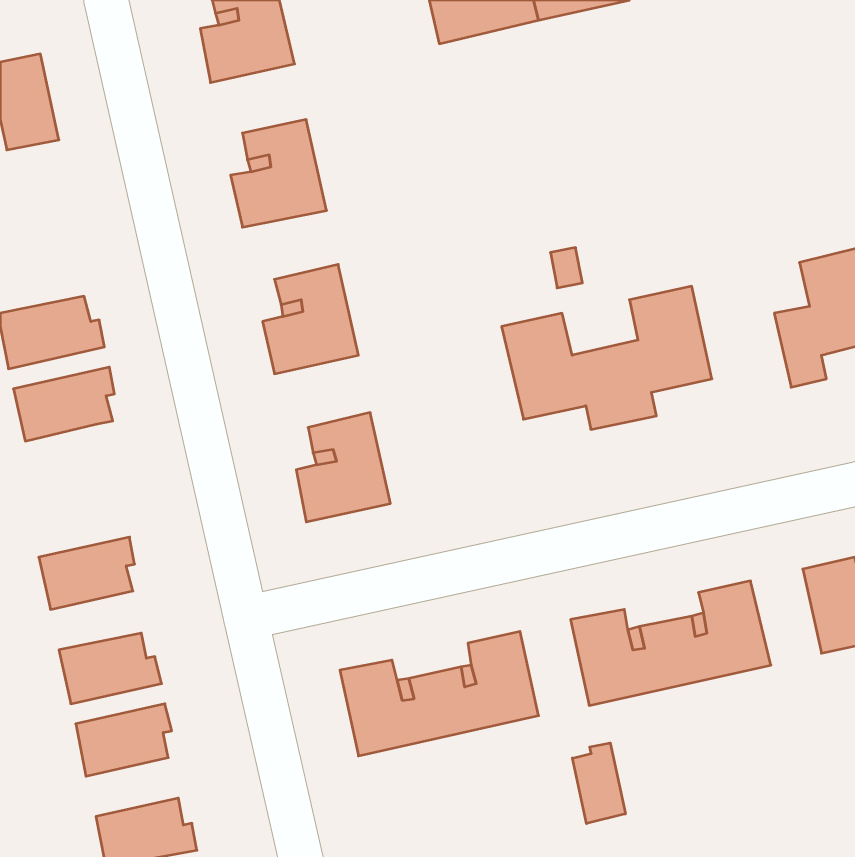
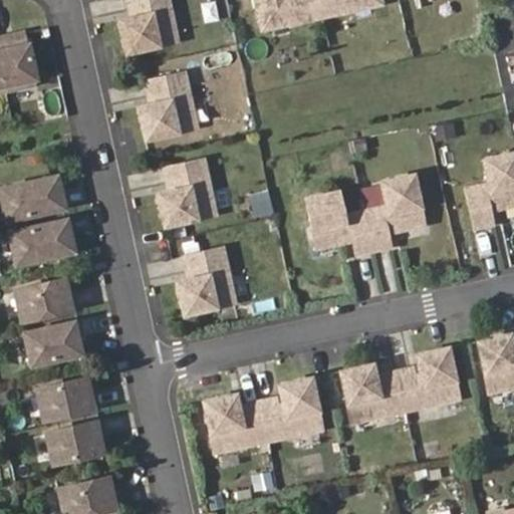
building: none -> [16,280,77,322]
building: [572,743,625,824] -> none

